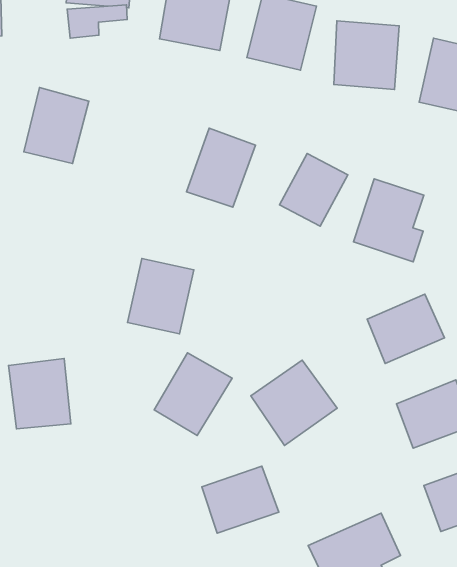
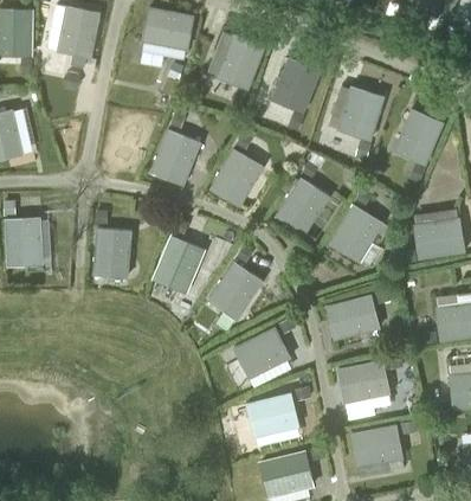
building: [24,88,89,164] -> [150,129,204,188]
building: [154,353,232,436] -> [206,261,266,322]
building: [8,358,71,429] -> [90,229,133,278]
building: [202,466,279,533] -> [246,394,299,438]

